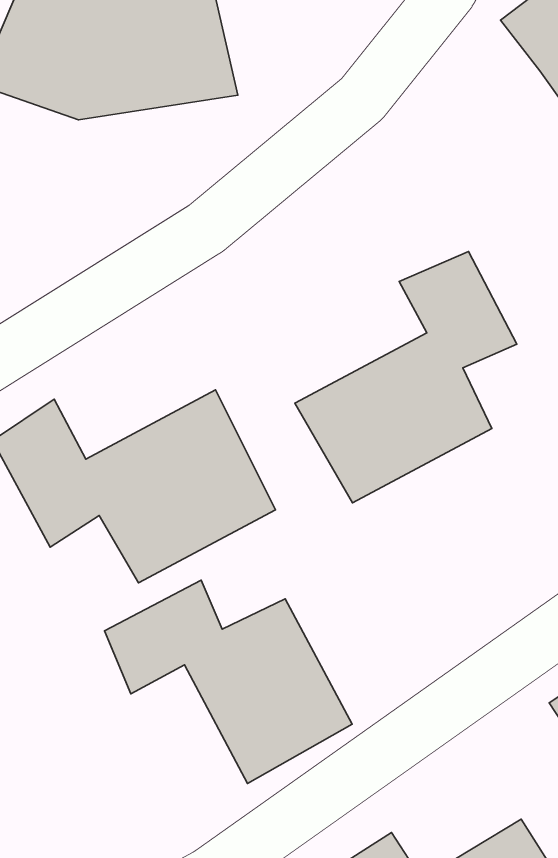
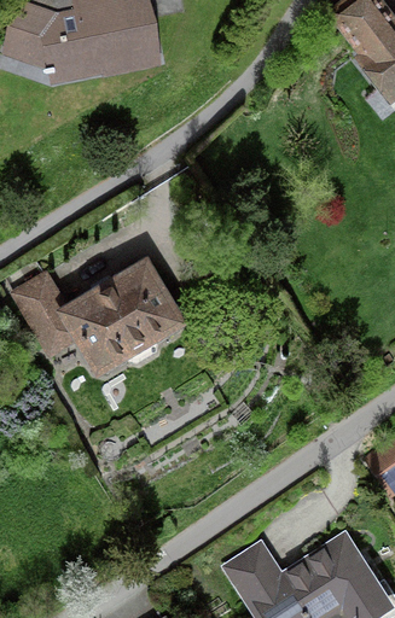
building: [295,251,517,503] -> none
building: [105,580,352,784] -> none

